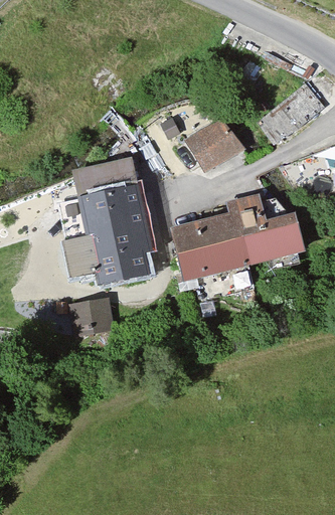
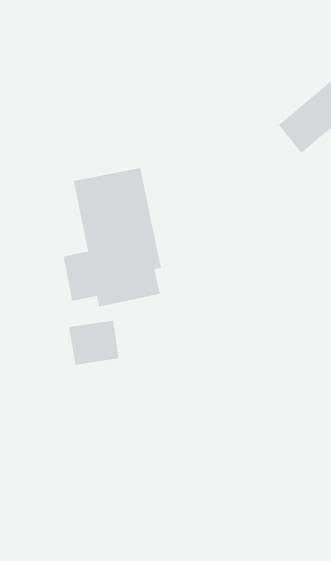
building: [186,115,245,173] -> none
building: [173,197,300,278] -> none

